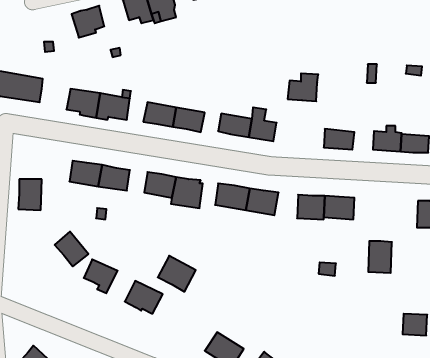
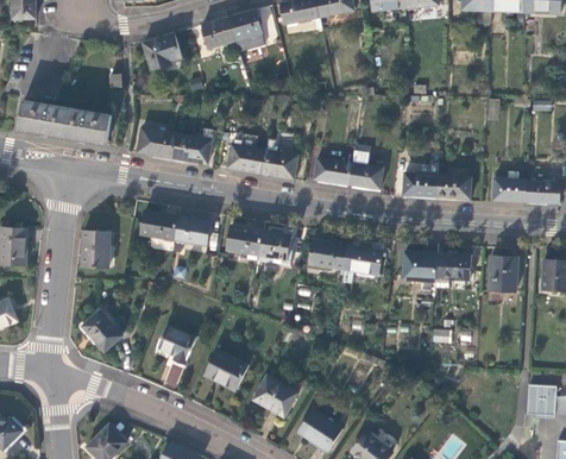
building: [288,73,318,101] -> [402,164,438,196]
building: [55,232,88,266] -> [83,312,122,352]
building: [368,241,392,273] -> [490,256,517,293]
building: [158,256,196,292] -> [253,376,297,417]

